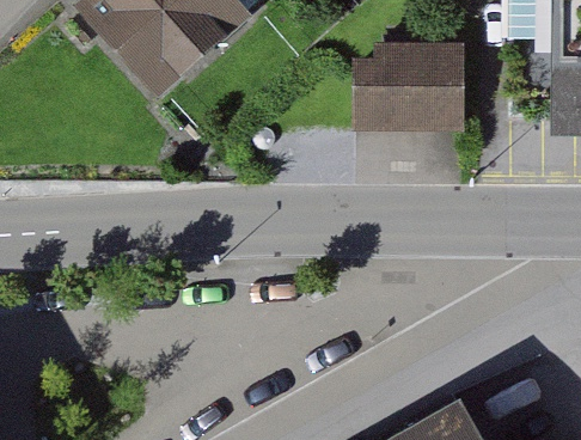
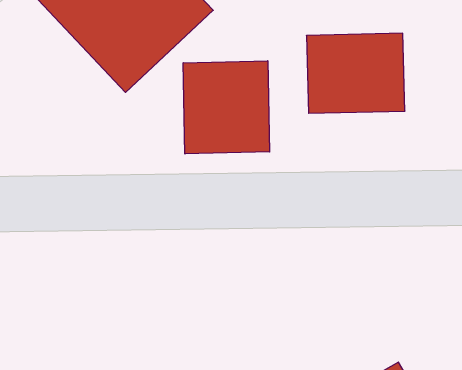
building: none -> [183,61,270,154]

